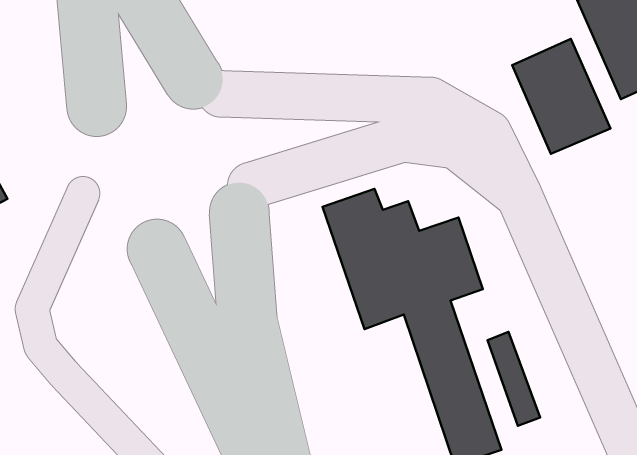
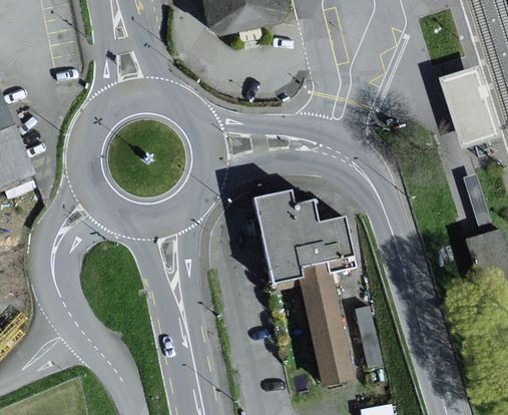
building: [512,39,610,154] -> none

